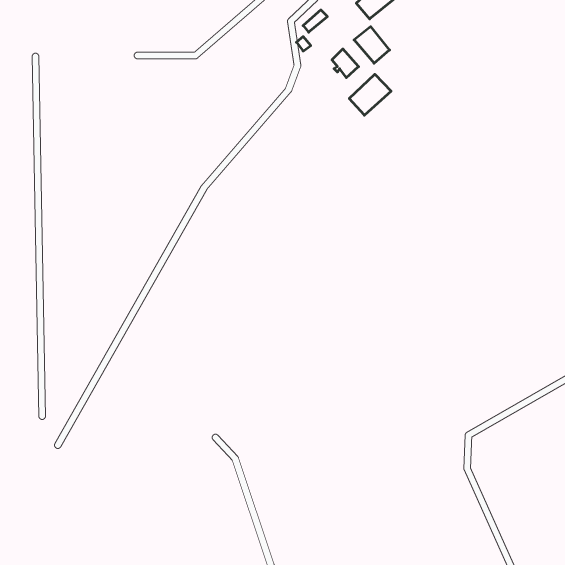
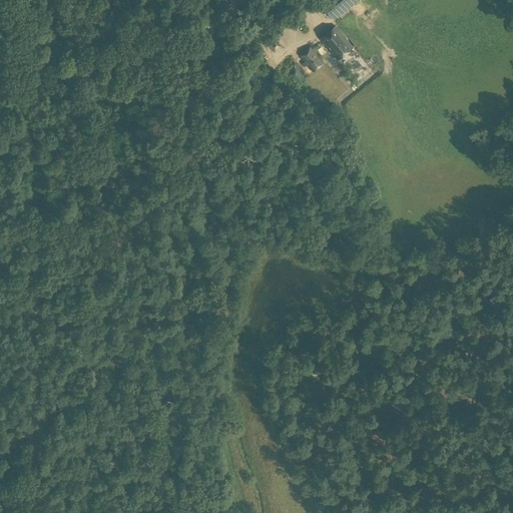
building: [349,74,391,115] -> none

